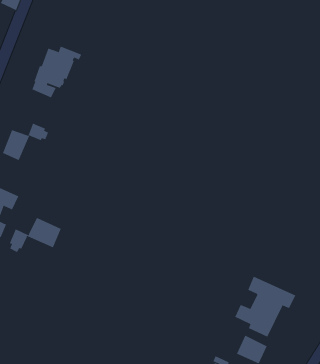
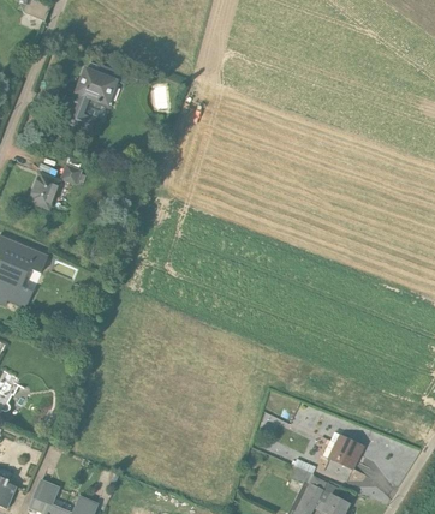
building: [9,217,61,253] -> none
building: [235,276,296,338] -> none

